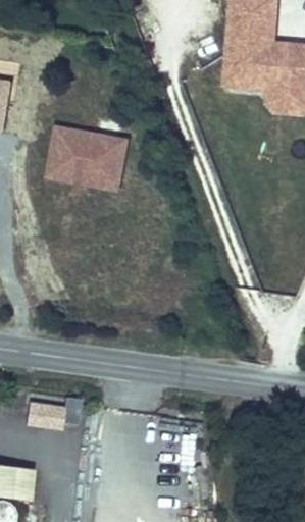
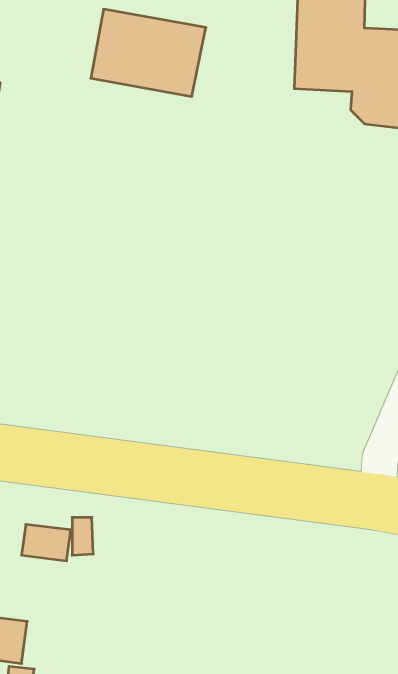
building: [45,125,129,189] -> [91,9,206,96]

